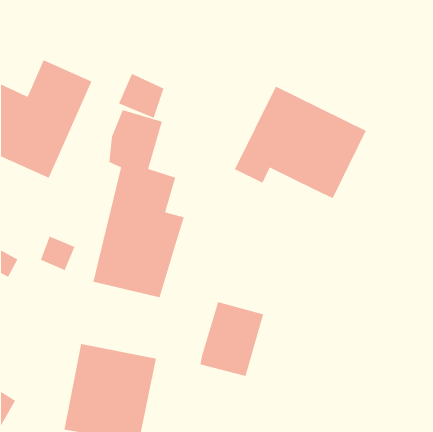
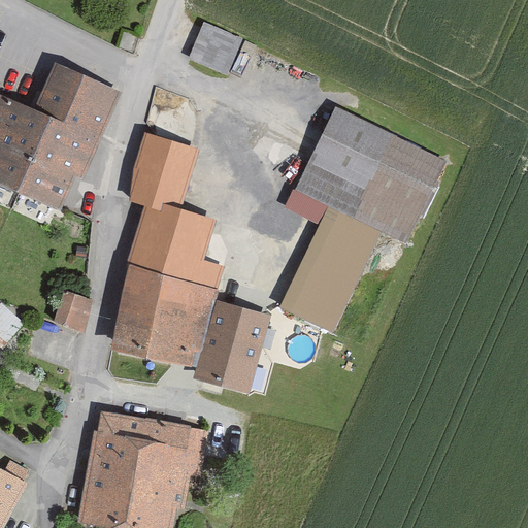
building: [118,73,164,119] -> [187,20,243,75]
building: none -> [279,206,382,332]
building: [200,301,264,377] -> [193,299,271,391]

